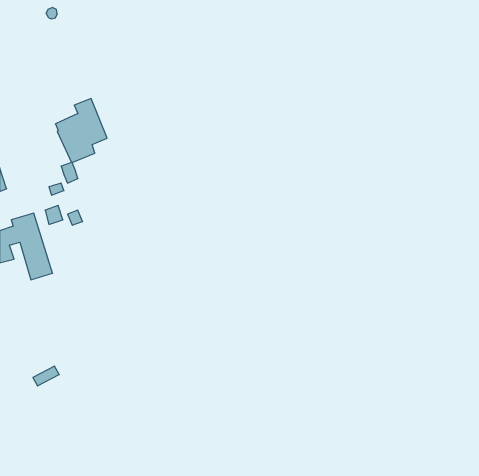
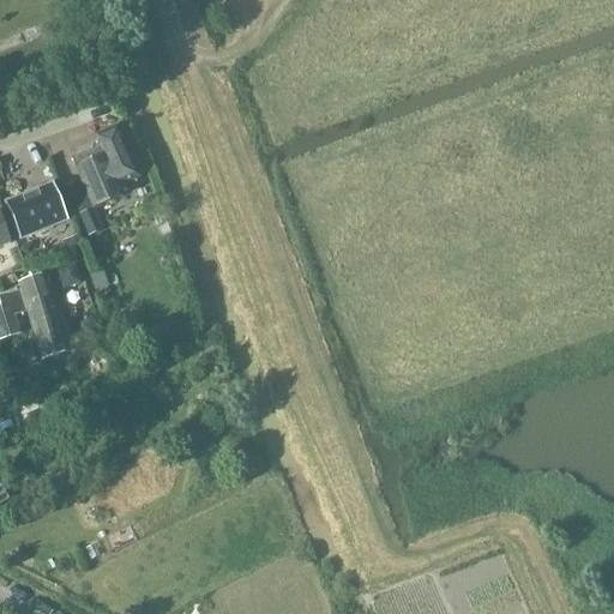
building: none -> [7,187,70,236]

